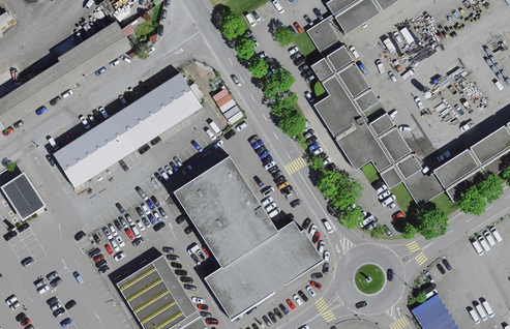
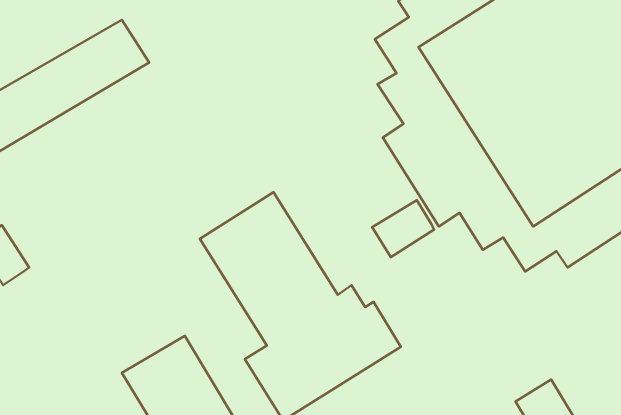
building: [56,74,200,184] -> none
building: none -> [372,200,434,257]

